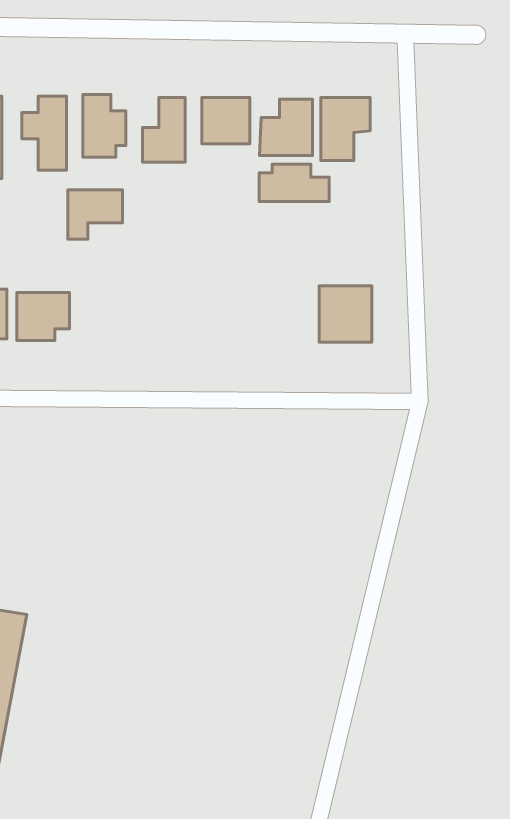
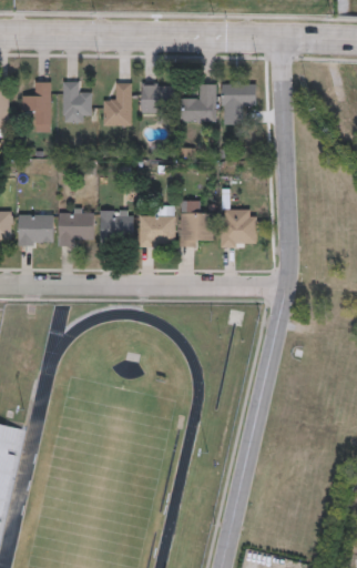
building: [259,164,329,202] -> none
building: [68,190,122,239] -> [58,213,94,246]
building: none -> [139,205,175,246]
building: none -> [180,206,214,246]
building: none -> [100,210,133,243]

